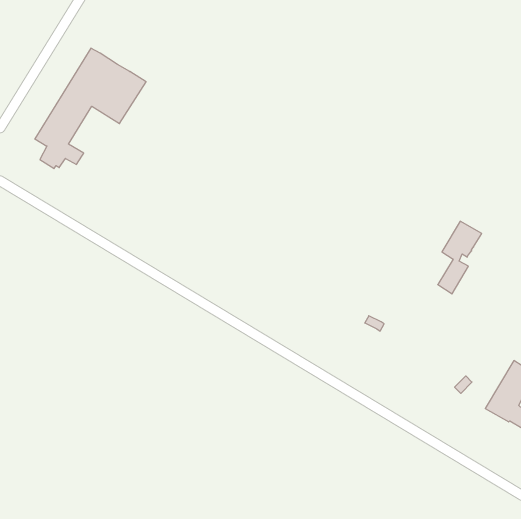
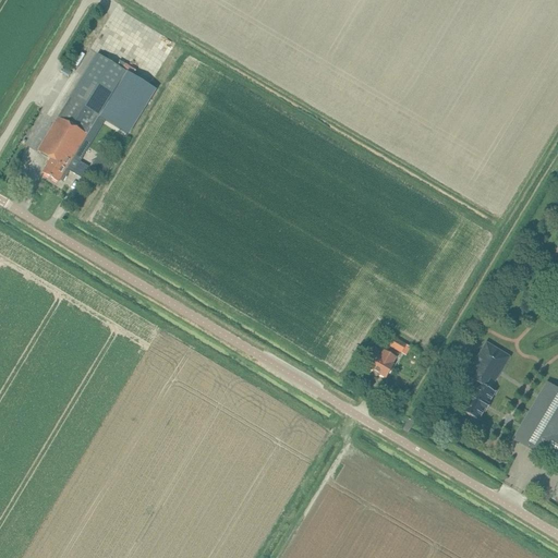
building: [438,221,482,294] -> [463,341,510,418]
building: none -> [367,348,397,376]

